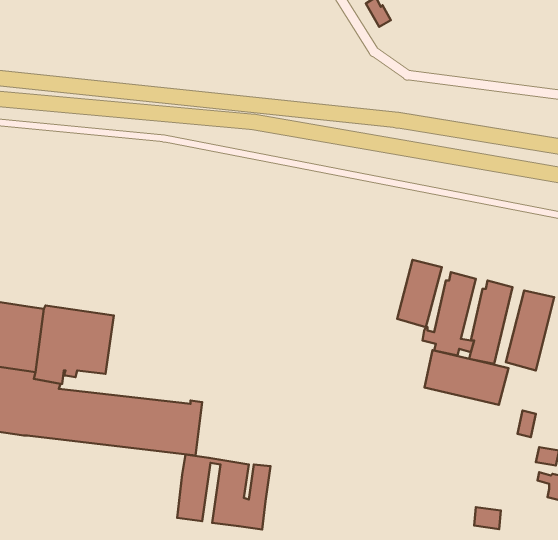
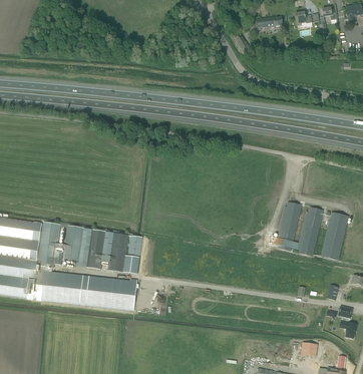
building: [397,260,442,327] -> none
building: [424,350,509,405] -> none
building: [177,454,270,529] -> [86,229,142,274]

